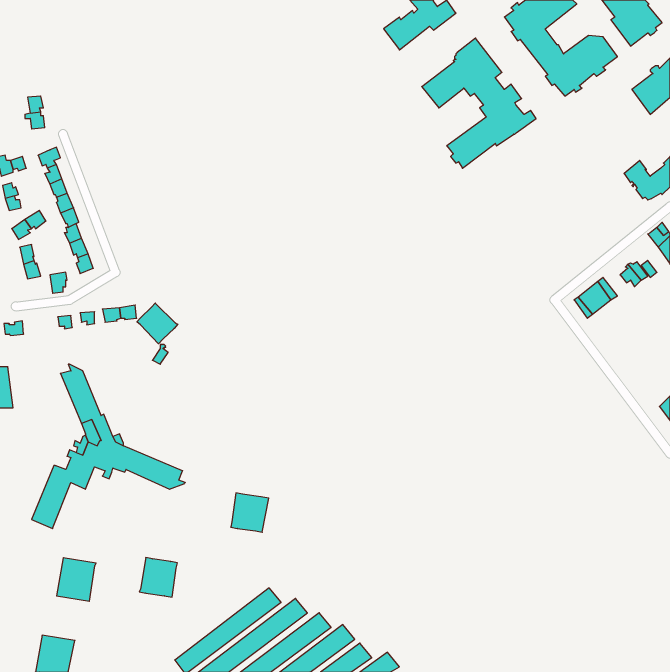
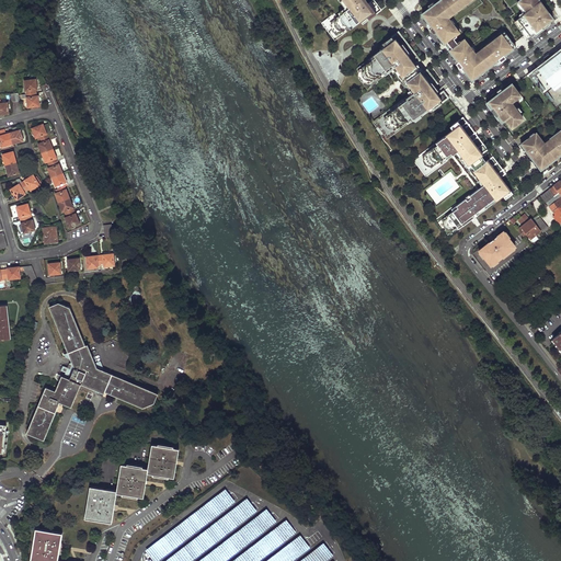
building: none -> [485,83,522,128]
building: none -> [422,117,512,232]
building: [137,303,178,344] -> none
building: [231,493,269,532] -> [147,445,179,478]
building: [57,558,96,601] -> [84,486,117,523]

